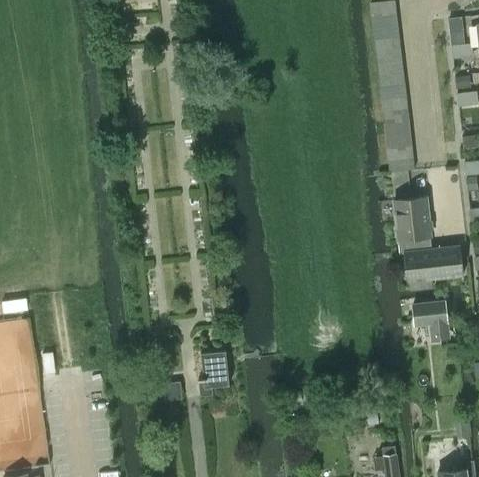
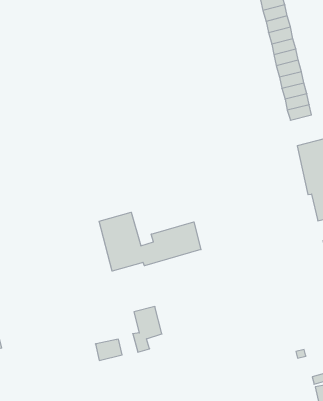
building: none -> [99,212,201,271]

